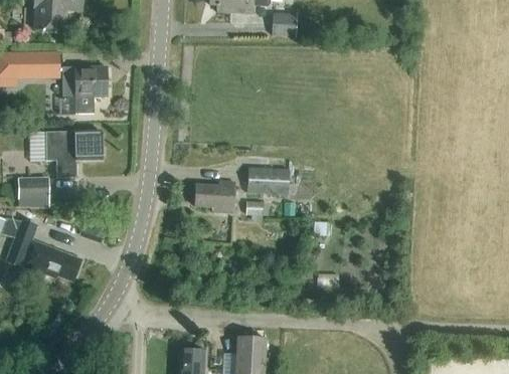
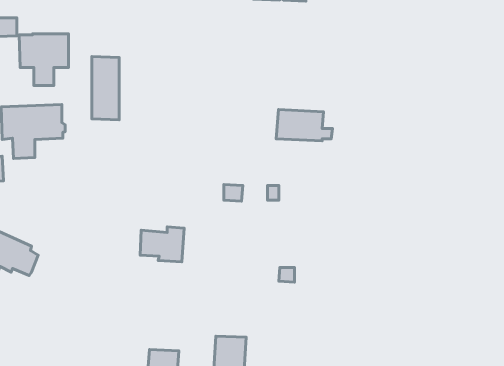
building: none -> [92,57,119,120]
building: [246,166,297,194] -> [276,110,332,141]
building: [195,180,234,211] -> [140,227,184,262]

